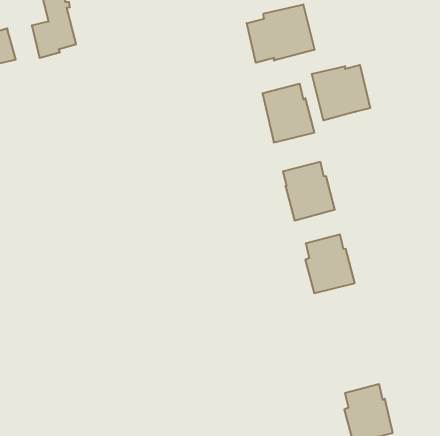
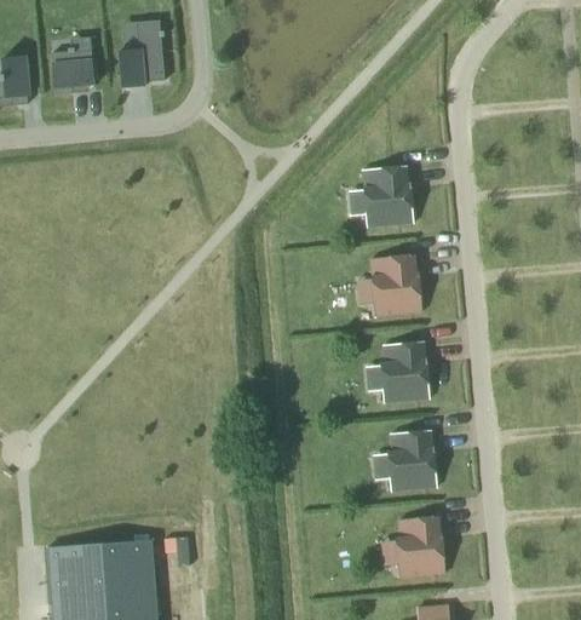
building: [247,4,314,63] -> none
building: [312,65,370,120] -> none
building: none -> [387,431,437,492]

